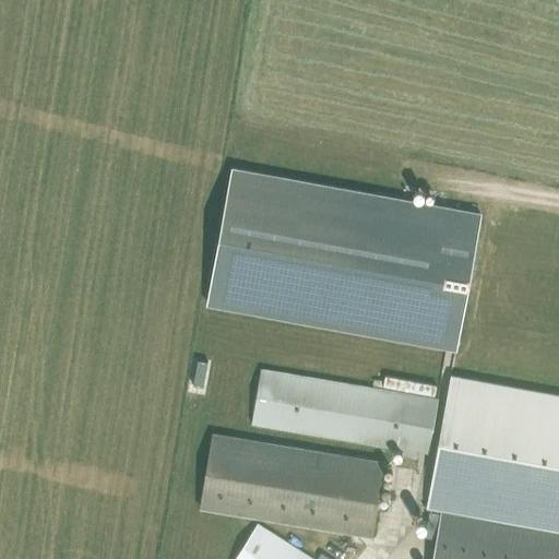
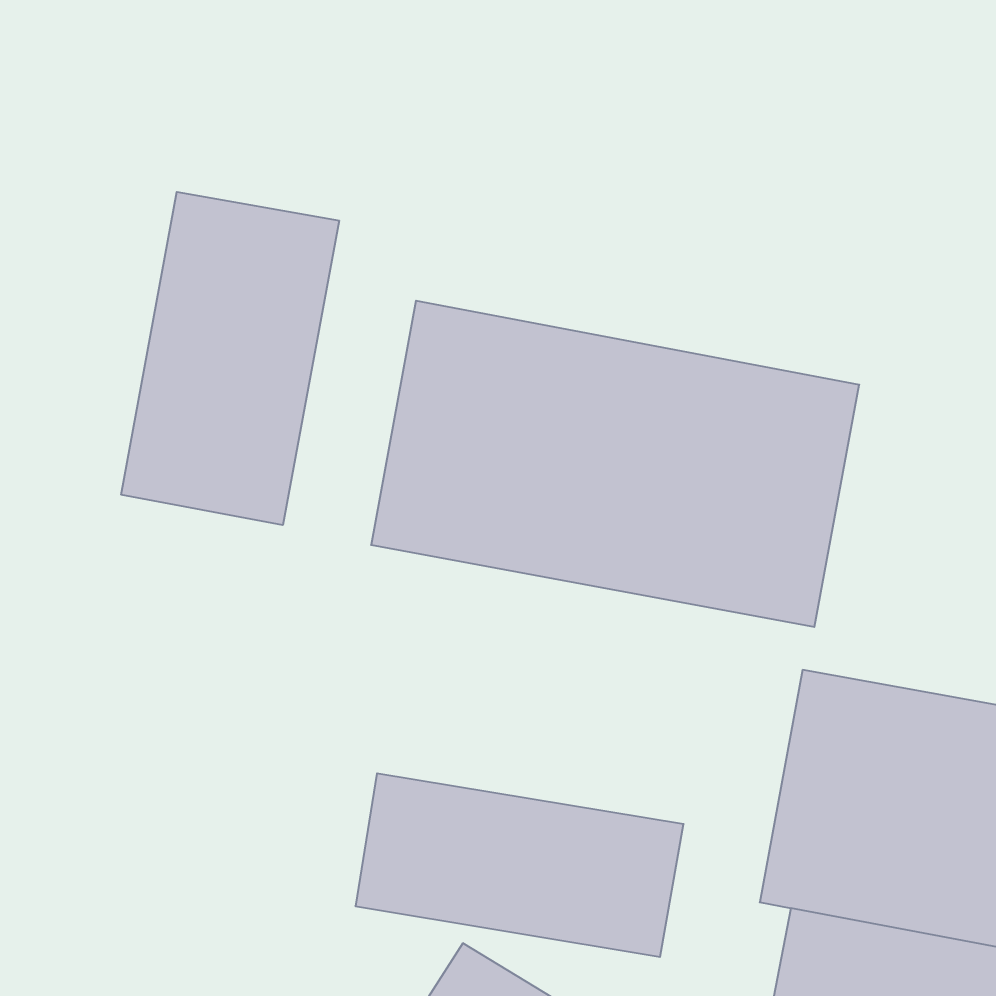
building: none -> [121,192,339,525]
building: [259,374,440,460] -> none

